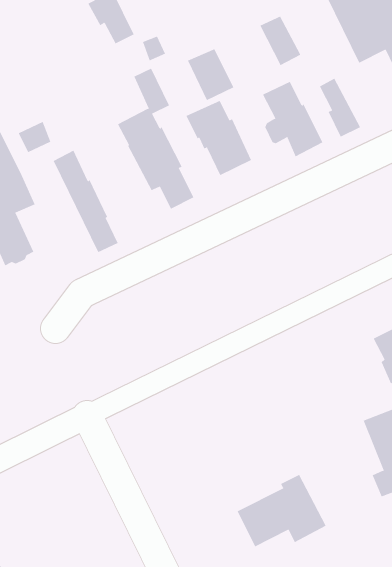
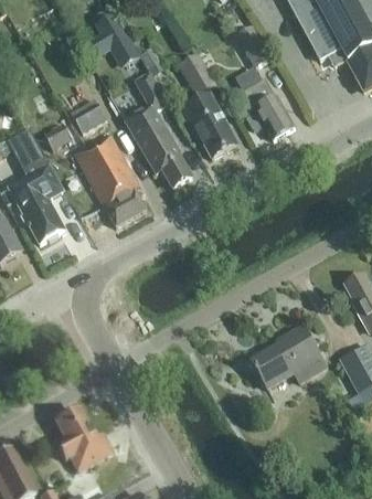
building: [319,78,361,138] -> none
building: none -> [72,98,108,131]
building: none -> [91,134,146,217]
building: none -> [54,406,111,469]
building: [237,474,326,547] -> [251,326,325,387]

